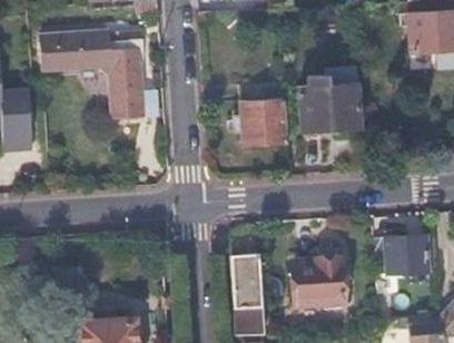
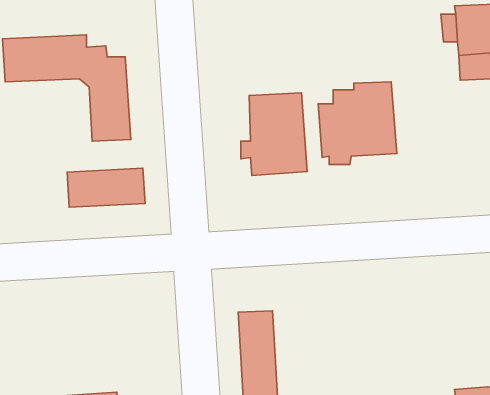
building: none -> [67,168,145,207]
building: [374,237,430,290] -> none
building: [294,261,343,305] -> none

